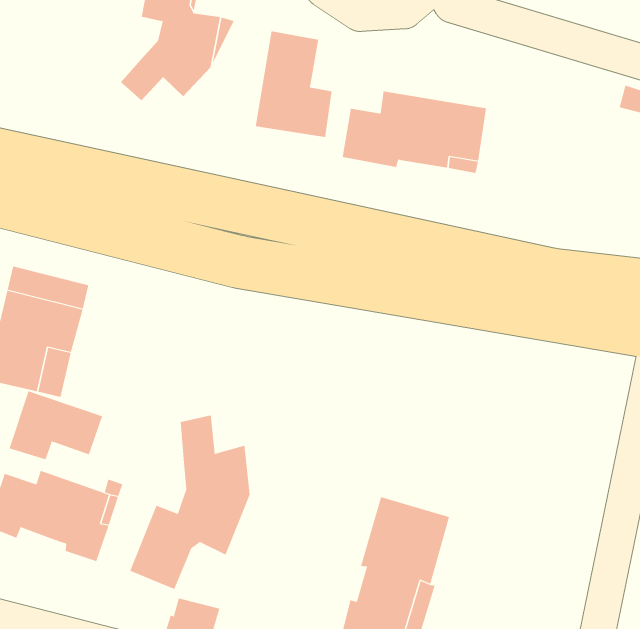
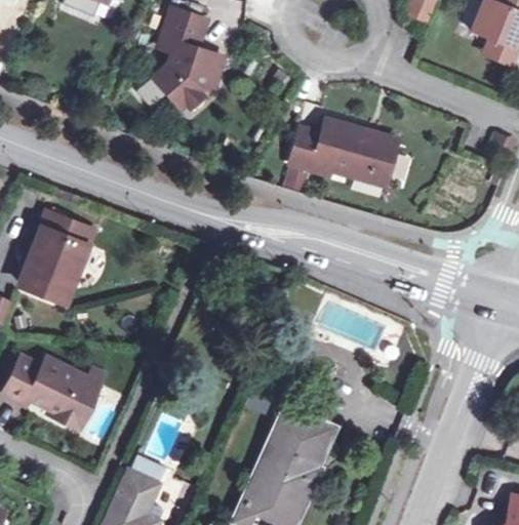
building: [255,31,332,138] -> none
building: [9,391,103,460] -> none
building: [130,414,250,590] -> none

